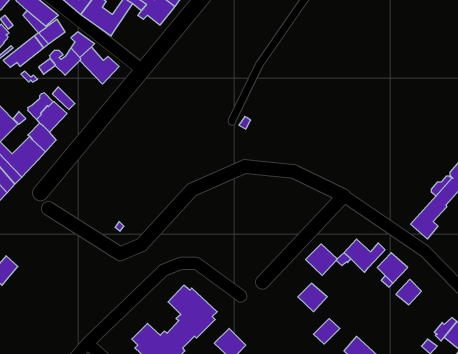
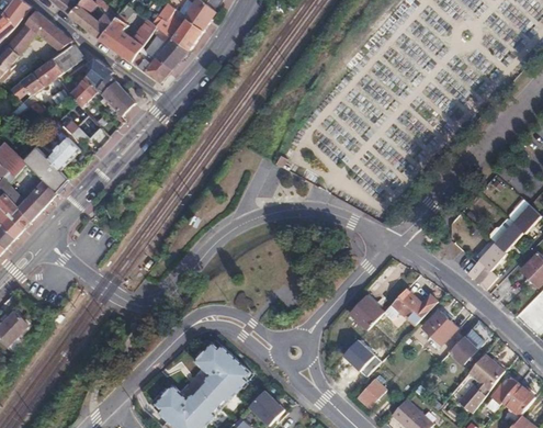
building: none -> [132,36,186,82]
building: none -> [459,353,504,414]

